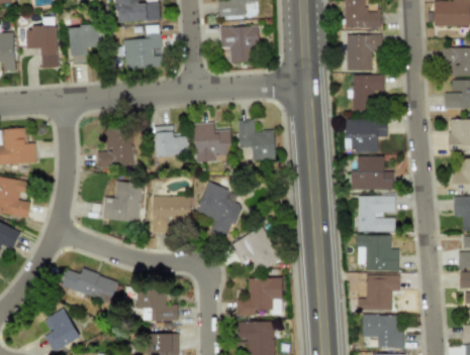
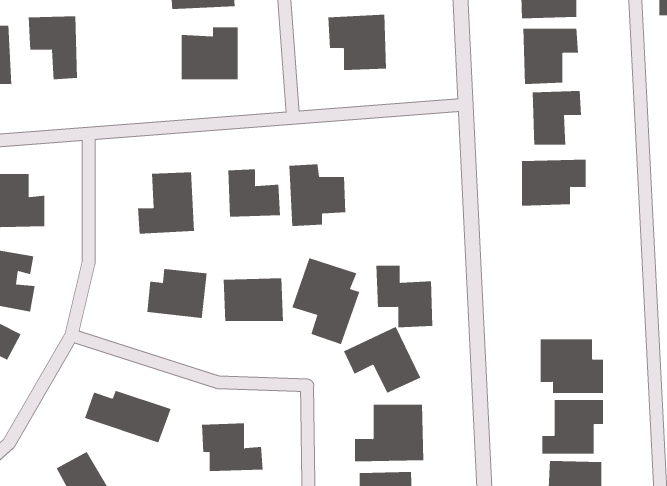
building: [70,25,101,64] -> none
building: [238,120,275,160] -> [376,265,433,328]
building: [351,155,393,190] -> none
building: [357,195,395,231] -> none

